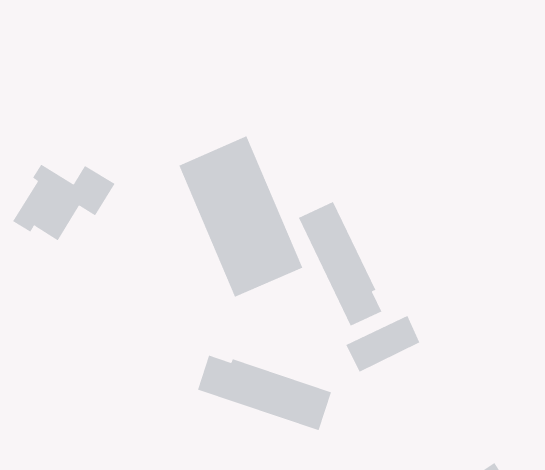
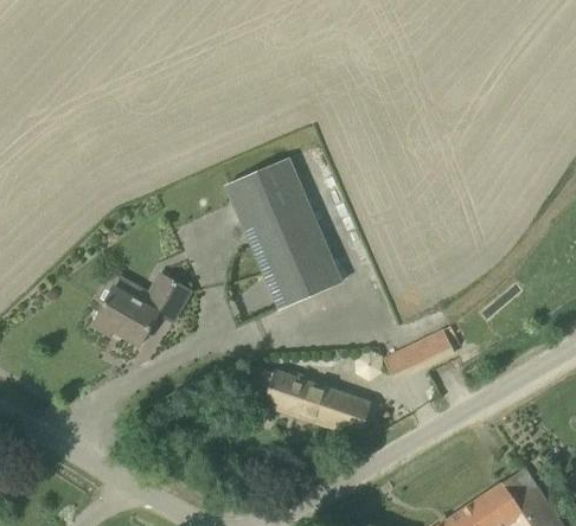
building: [12,164,116,241] -> [92,272,191,346]
building: [298,201,382,326] -> none

